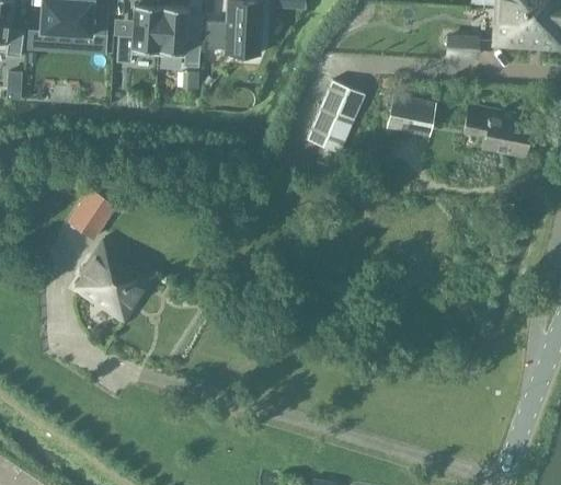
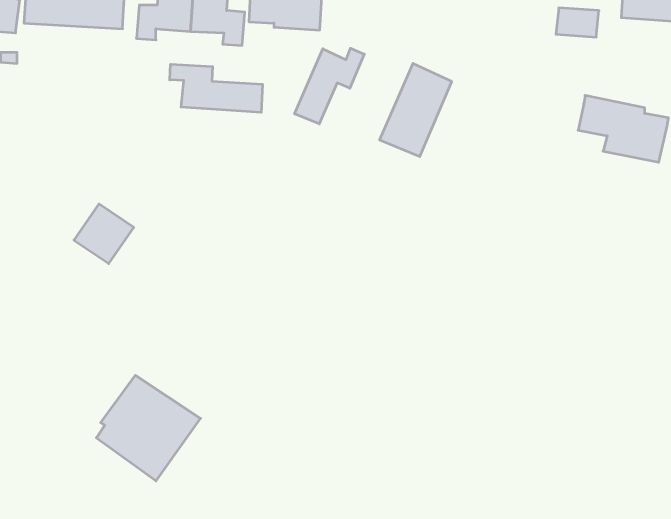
building: none -> [295,48,364,124]
building: none -> [170,64,262,112]
building: [386,94,436,136] -> none
building: [75,239,157,322] -> [96,375,201,481]

